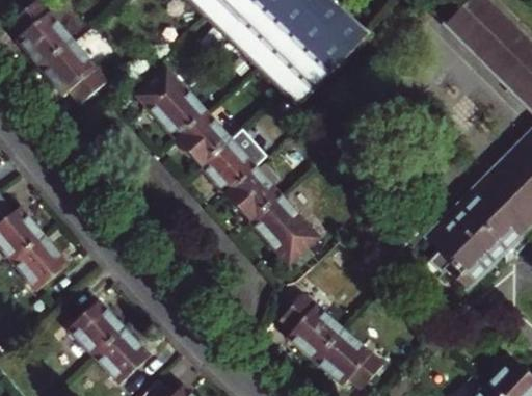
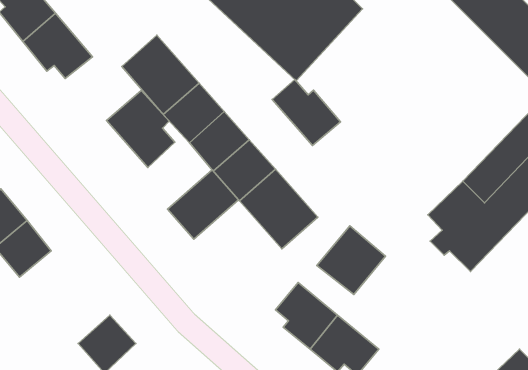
building: none -> [272,80,341,145]
building: none -> [107,91,175,167]
building: none -> [167,170,239,239]
building: none -> [317,226,386,294]
building: [70,301,124,355] -> none

